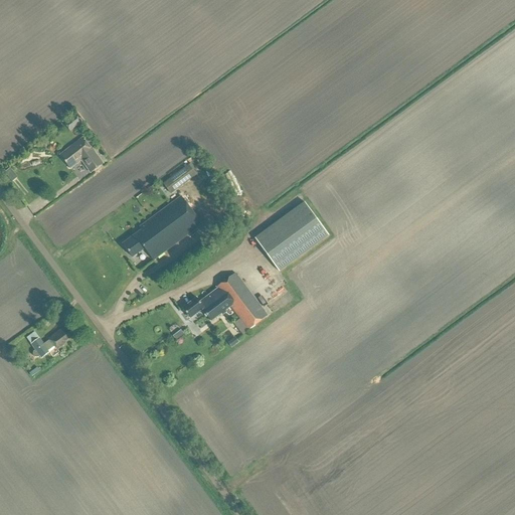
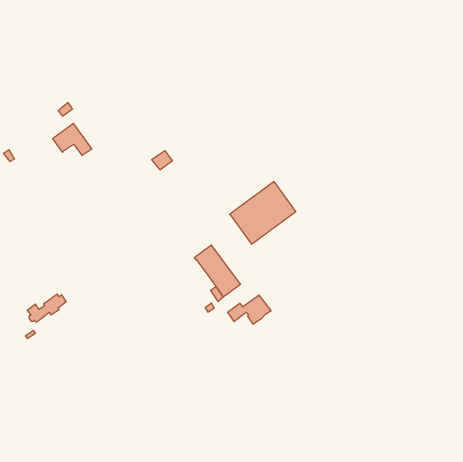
building: [122,196,200,261] -> none
building: [182,288,230,320] -> [228,295,271,324]

